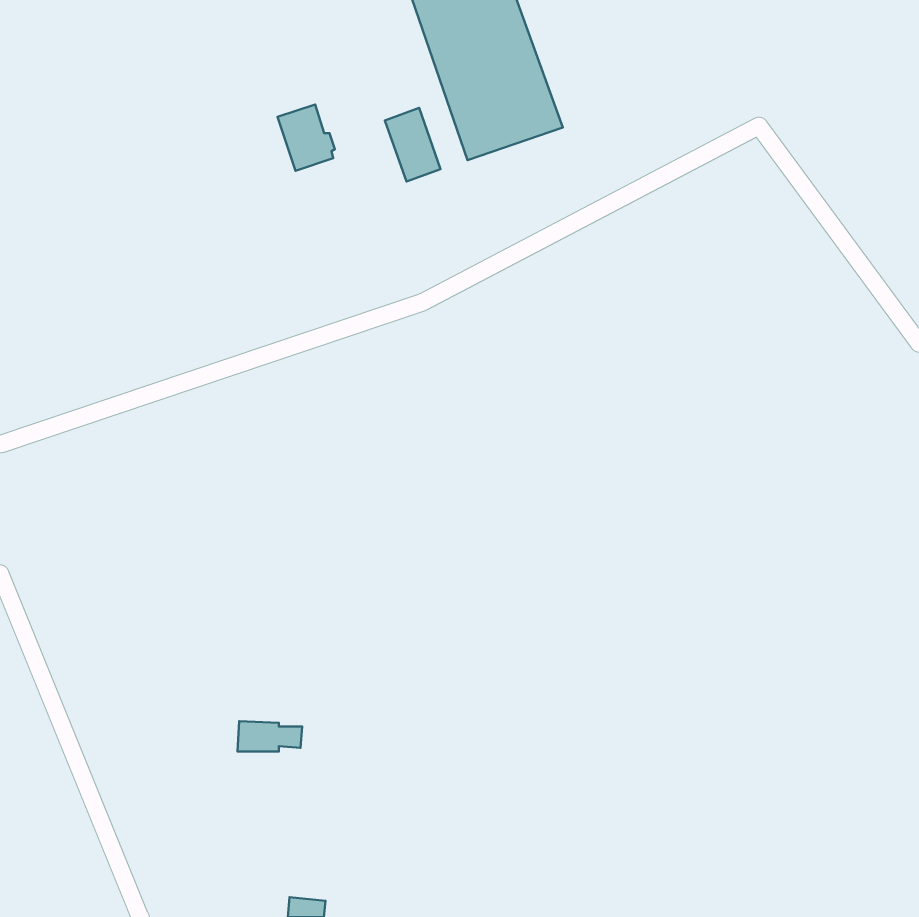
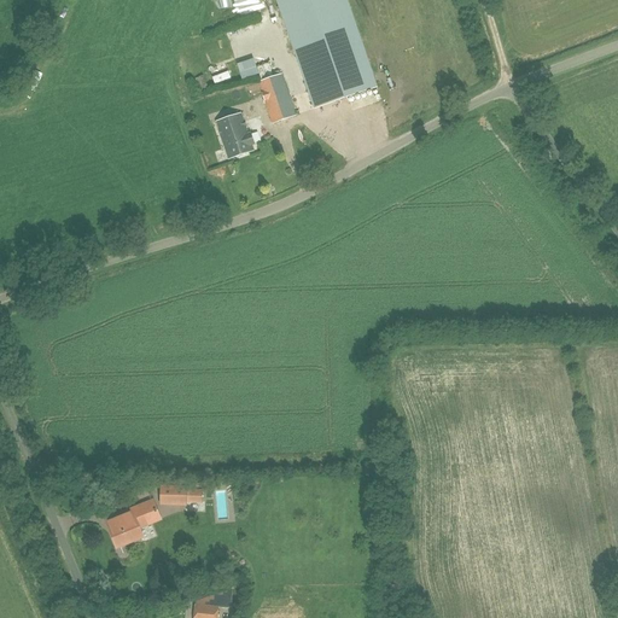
building: [277,104,335,171] -> [216,112,255,157]
building: none -> [110,505,148,544]

